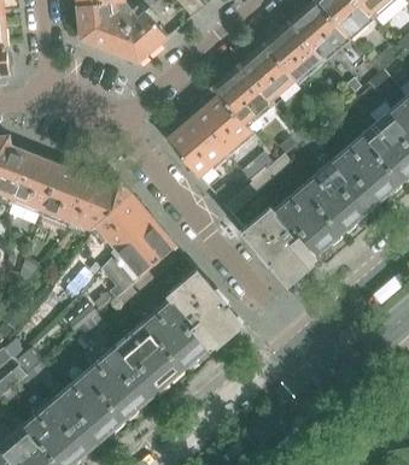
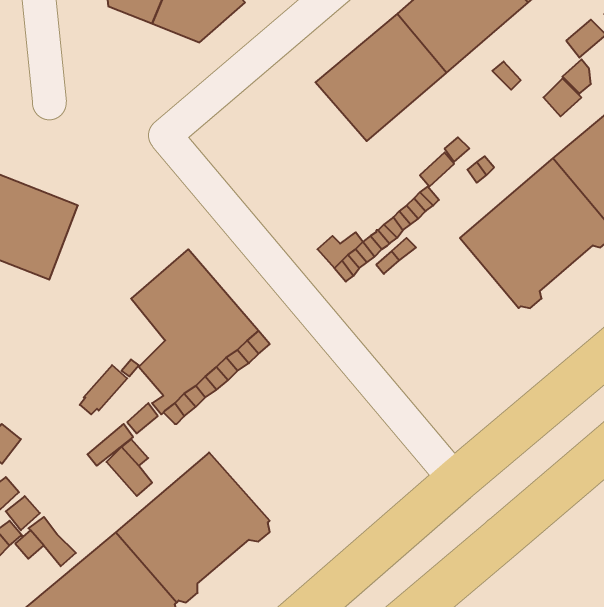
building: [169,88,249,176] -> none
building: [42,166,130,229] -> none
building: [244,187,340,282] -> none
building: [144,272,241,367] -> none

